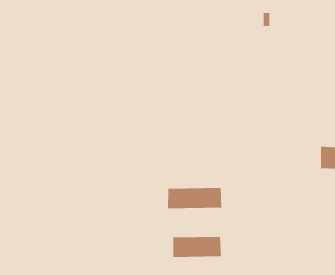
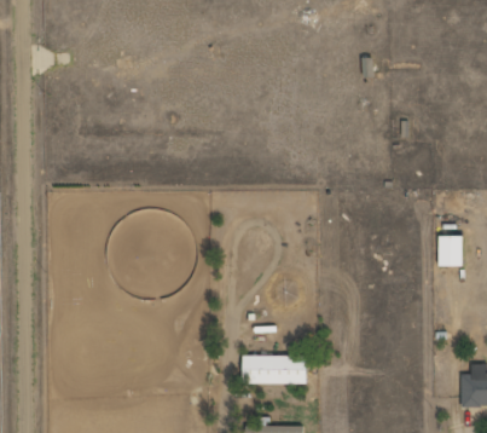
building: [167,187,222,209] -> none

